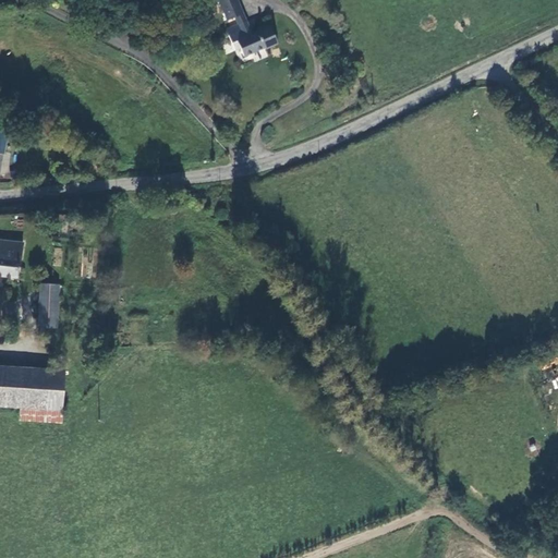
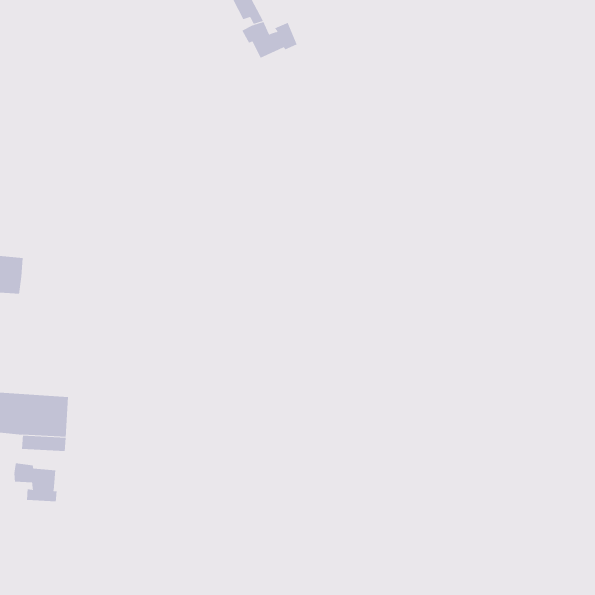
building: [39,282,59,326] -> none
building: none -> [14,463,57,502]

